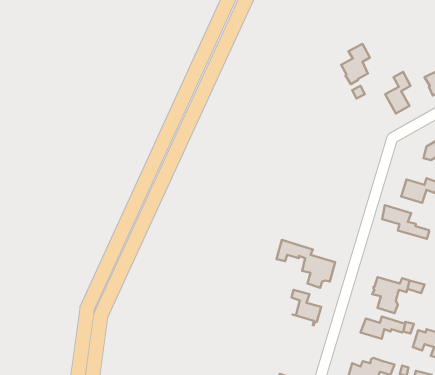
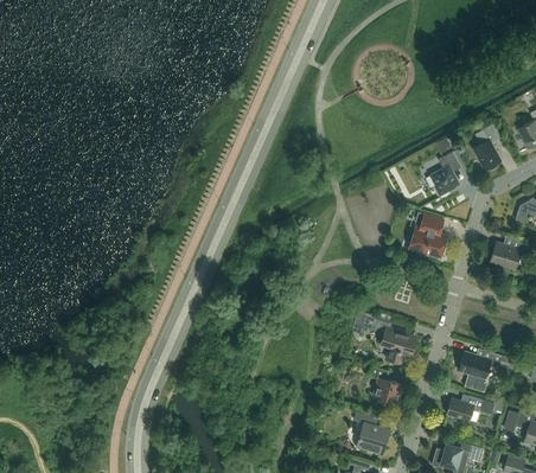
building: [341,44,370,84] -> [429,152,461,197]
building: none -> [408,212,447,258]
building: [382,205,429,239] -> none
building: none -> [353,411,389,455]

